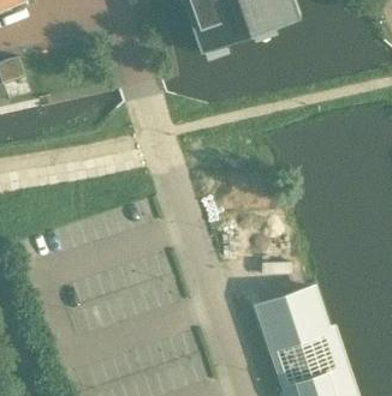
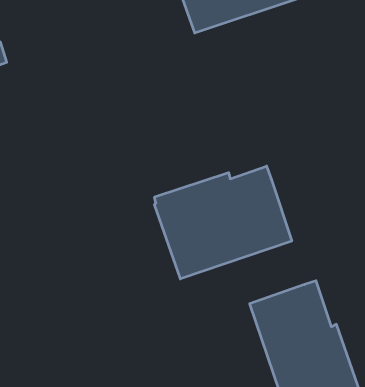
building: none -> [154,166,292,279]

